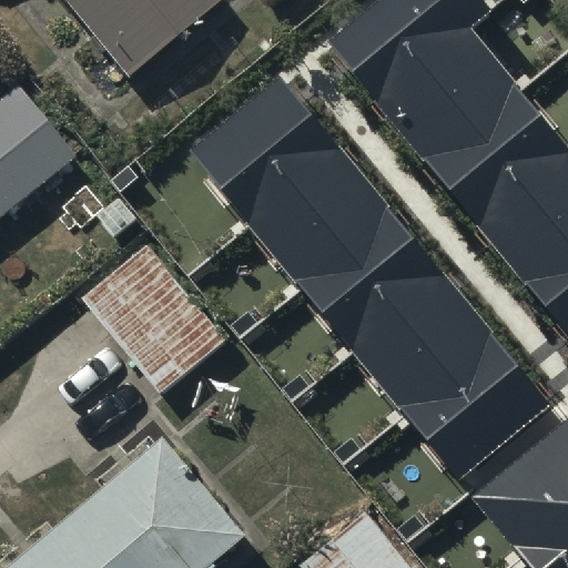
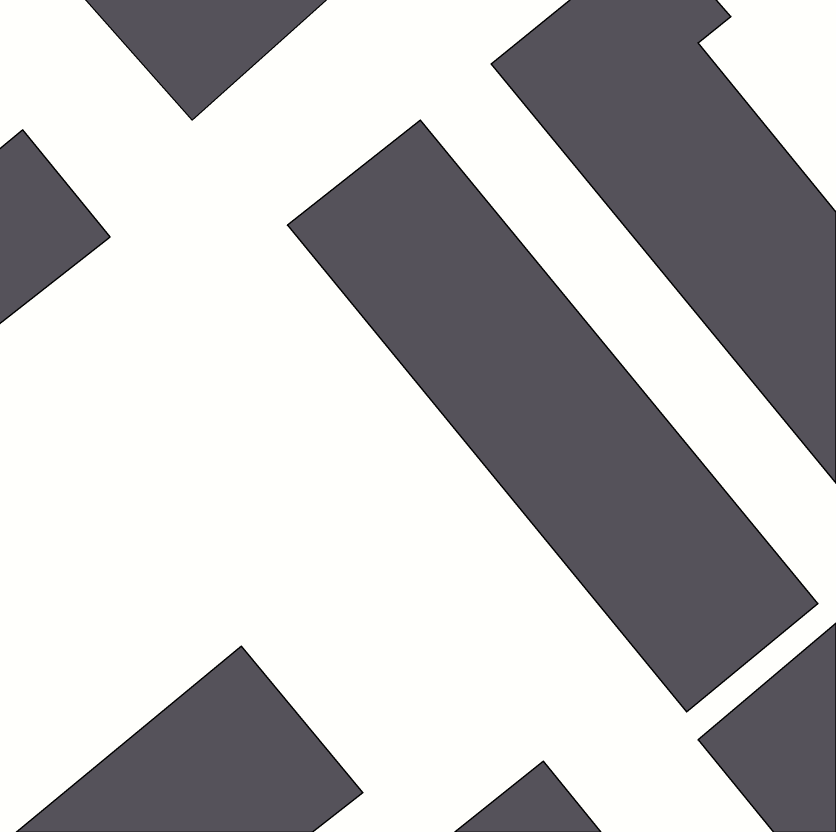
building: [82,247,226,396] -> none

